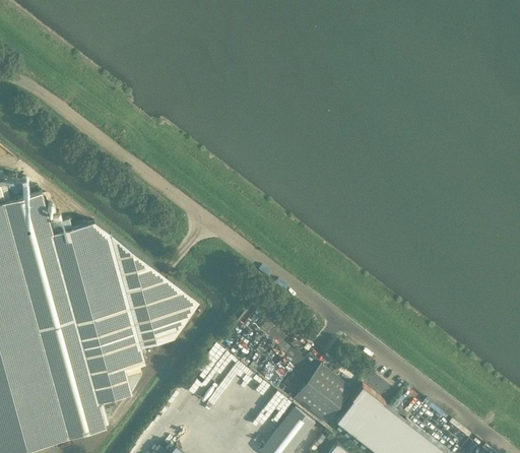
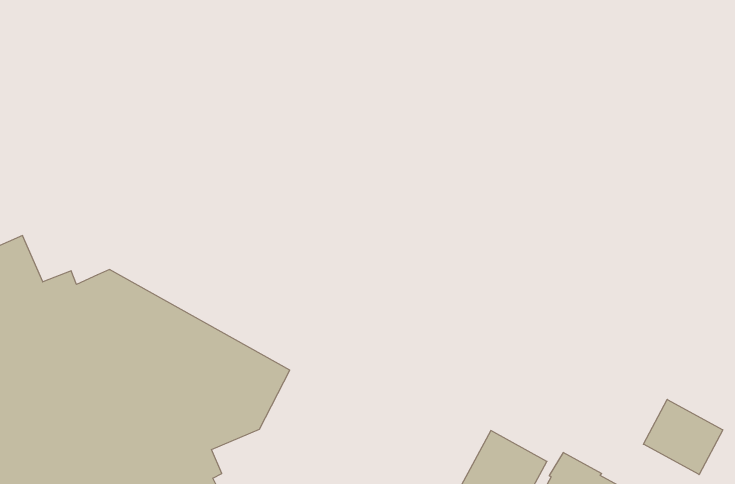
building: none -> [643,399,723,475]

